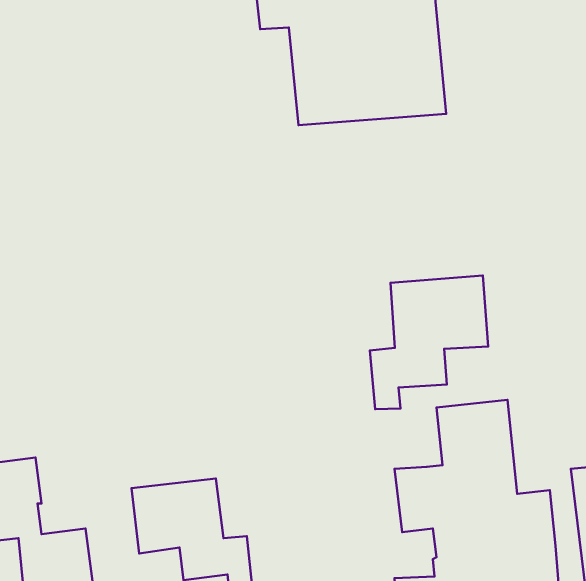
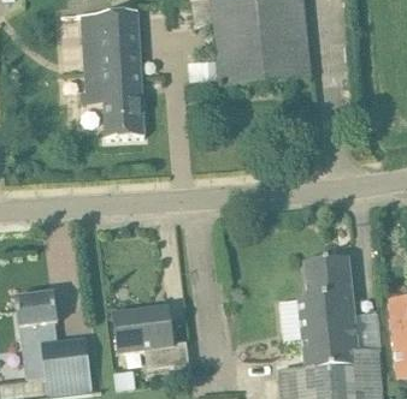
building: none -> [76,11,144,135]
building: [370,275,488,409] -> none

